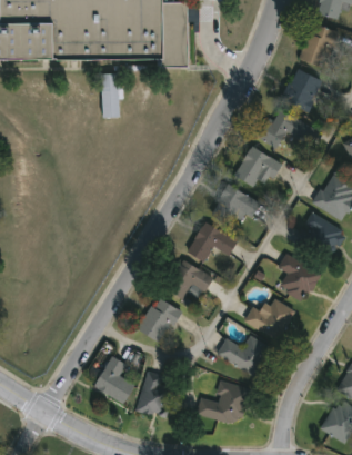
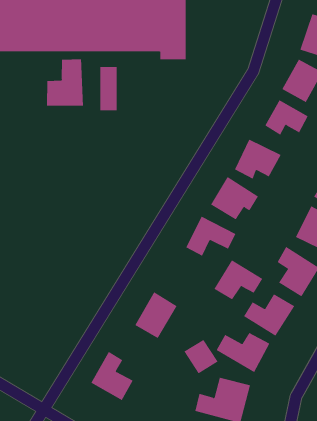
building: none -> [46,59,83,107]
building: [164,258,213,298] -> [213,260,263,300]
building: [144,376,179,411] -> [184,339,219,374]

